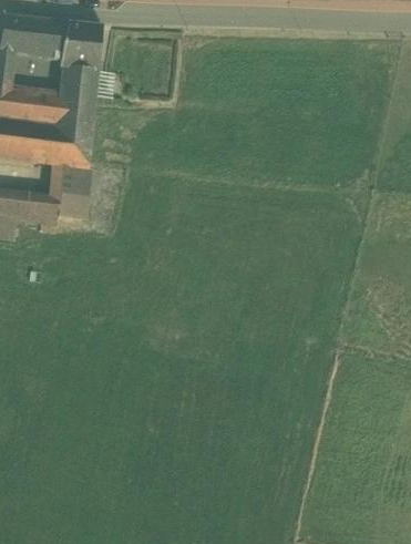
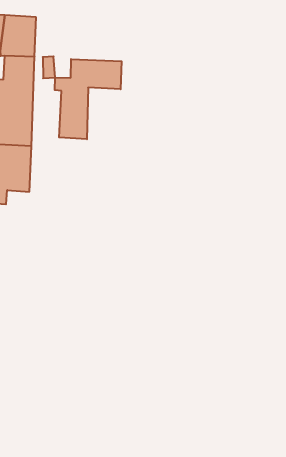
building: none -> [55,59,122,139]

